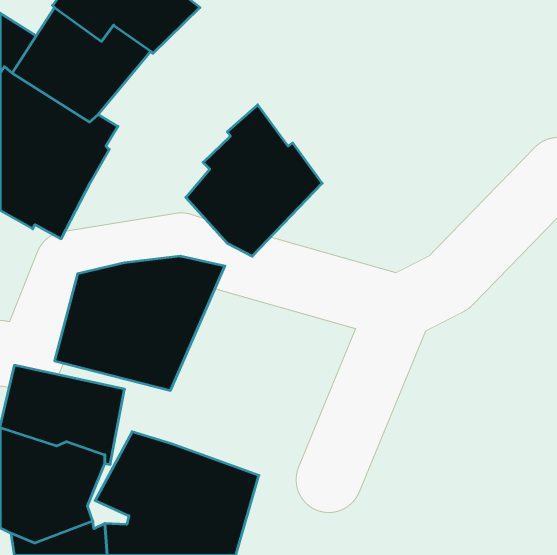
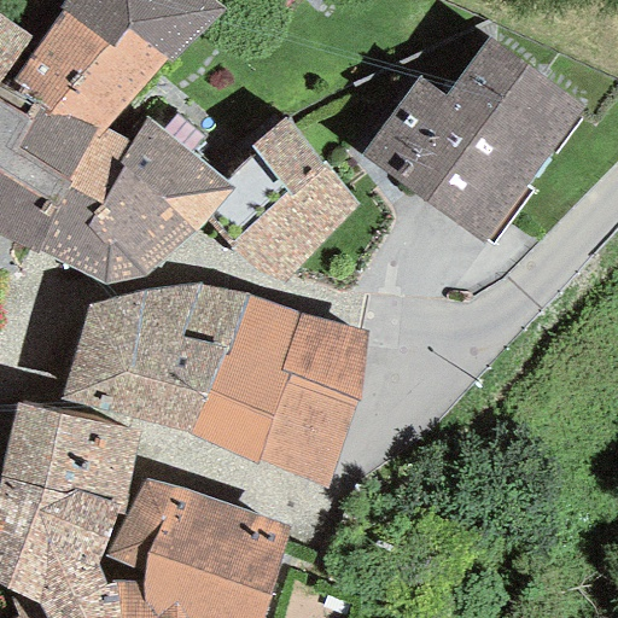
building: none -> [361,35,582,243]
building: none -> [69,117,233,284]
building: none -> [190,295,367,485]

